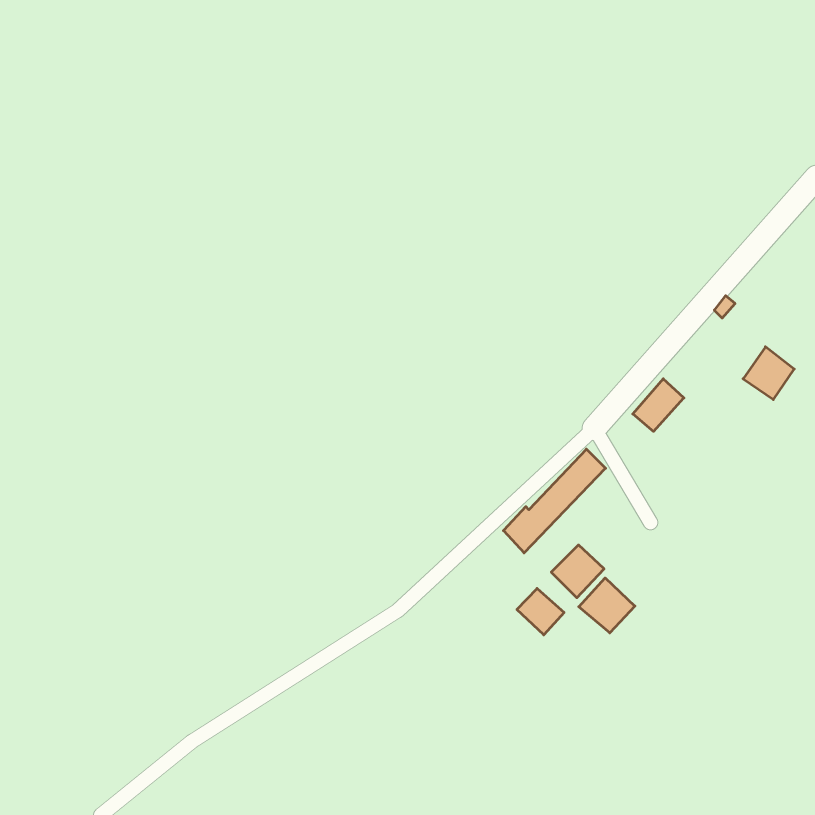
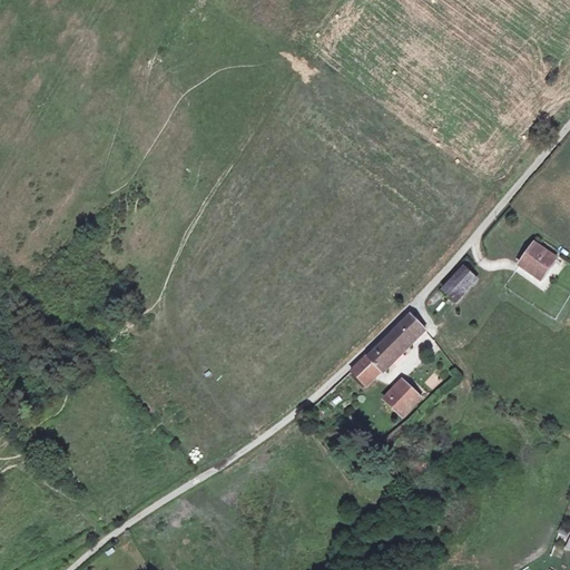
building: [579,578,635,633] -> none
building: [517,588,564,635] -> none

